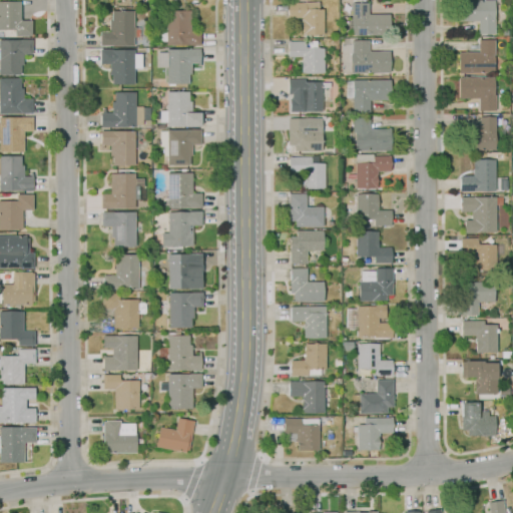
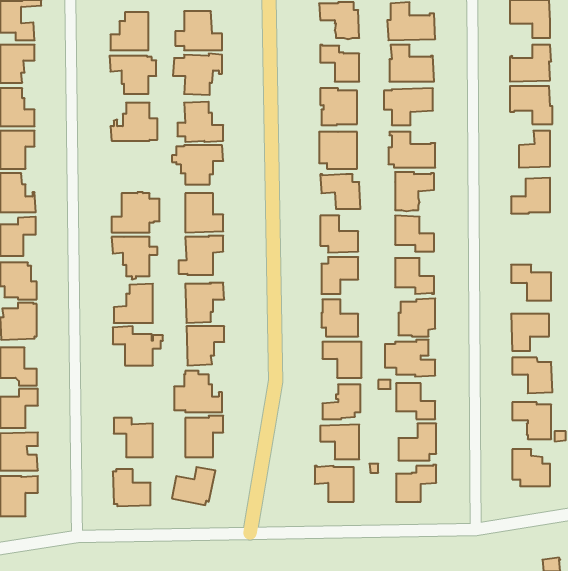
building: [101,130,135,165] -> none
building: [461,197,503,233] -> none
building: [103,336,137,371] -> none

